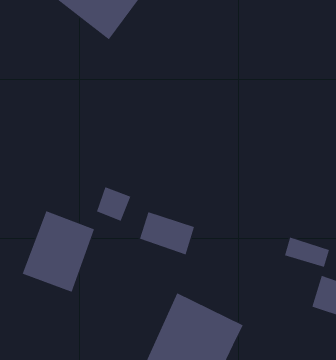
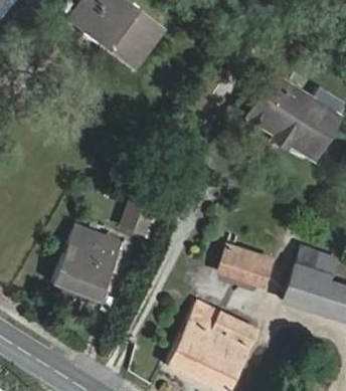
building: none -> [246,74,337,159]
building: [139,212,195,255] -> [219,246,271,286]
building: none -> [283,266,332,314]

